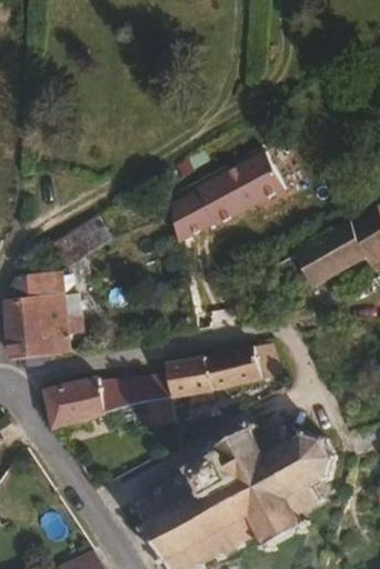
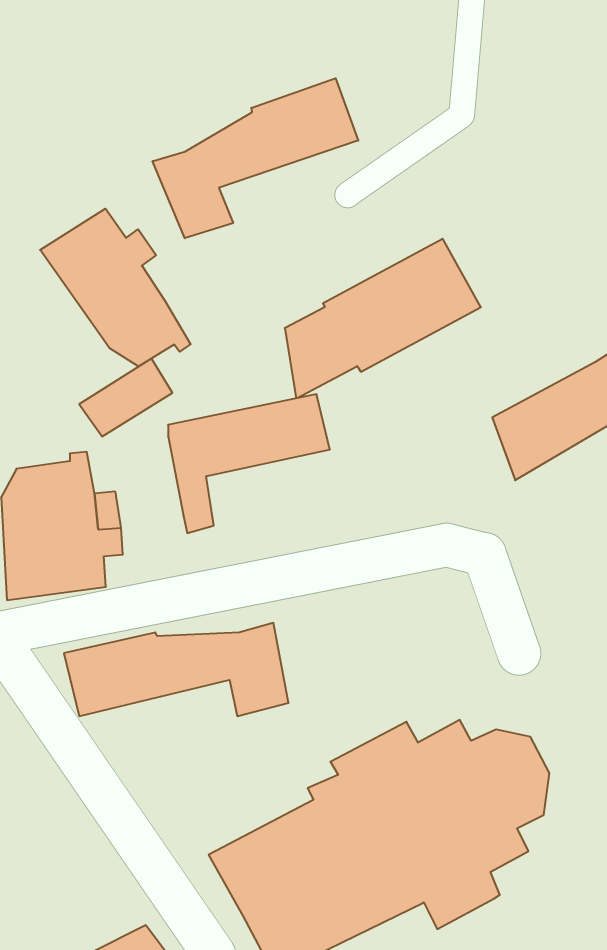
building: none -> [153,78,358,238]
building: none -> [40,209,191,366]
building: [166,348,260,429] -> [168,394,330,533]

